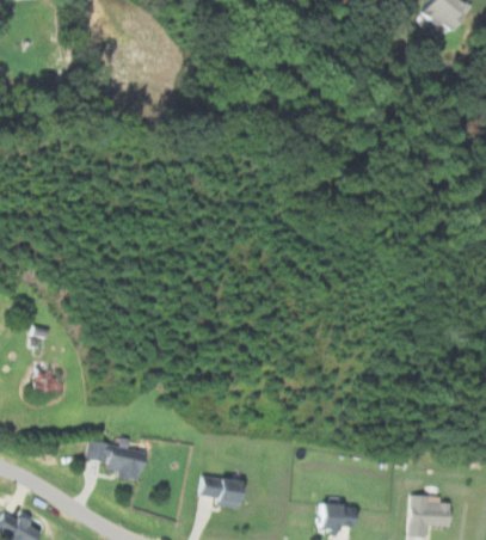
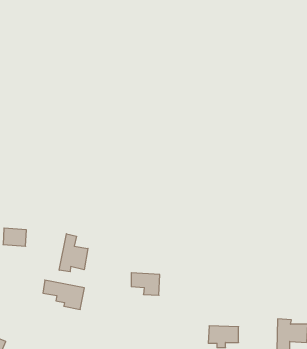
building: none -> [59,234,88,272]
building: [201,475,240,507] -> [131,273,160,295]

